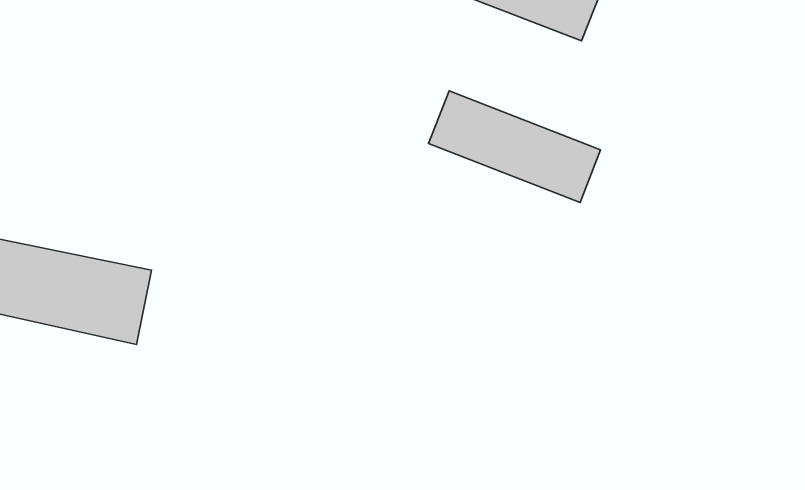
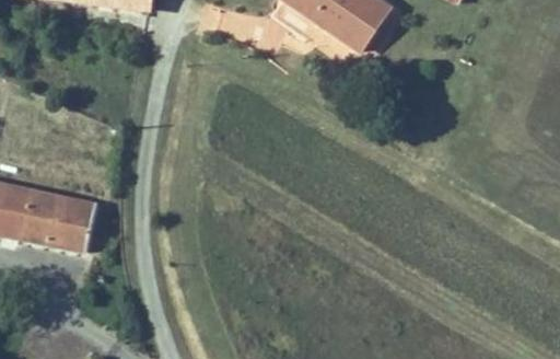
building: [429,91,601,202] -> none

